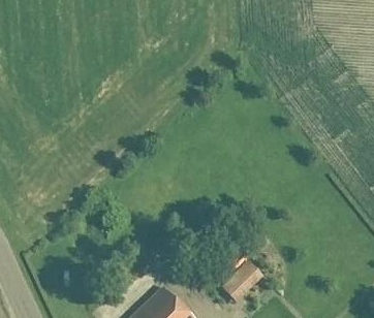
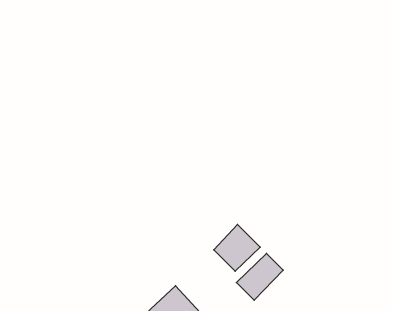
building: none -> [214,225,260,271]

